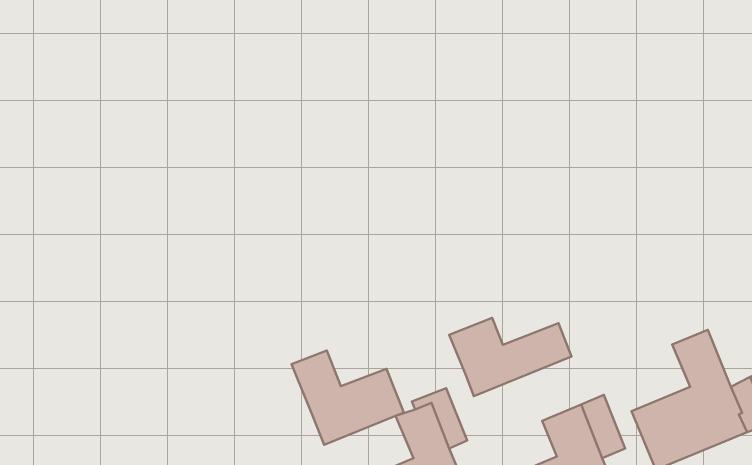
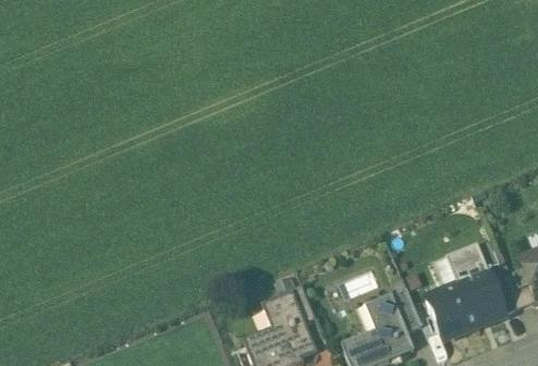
building: [449,318,572,396] -> none
building: [291,350,404,445] -> none

